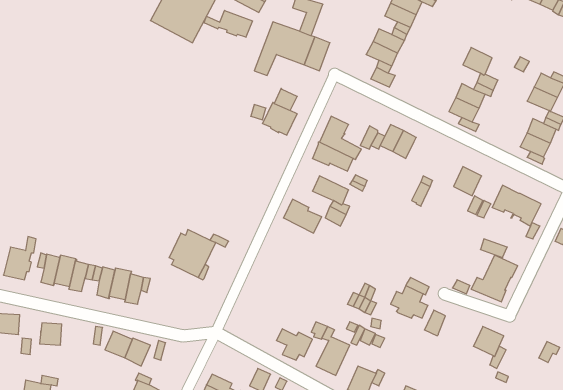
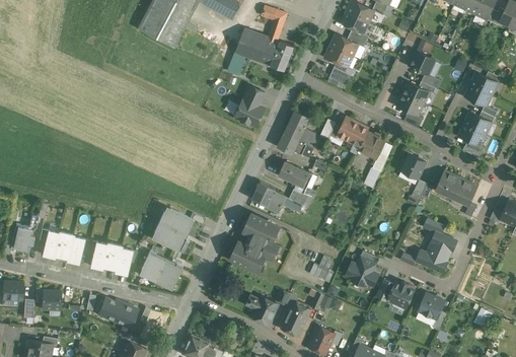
building: [204,10,253,37] -> none
building: none -> [358,133,384,158]
building: none -> [230,214,279,272]
building: none -> [140,251,180,286]
building: none -> [387,281,414,308]

